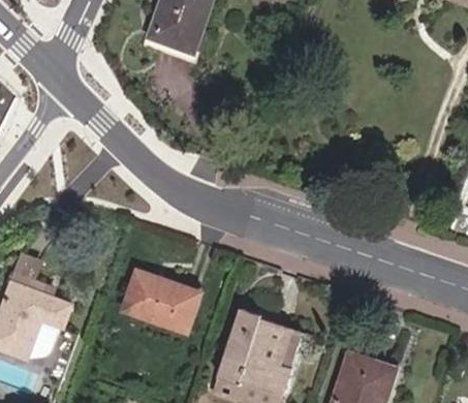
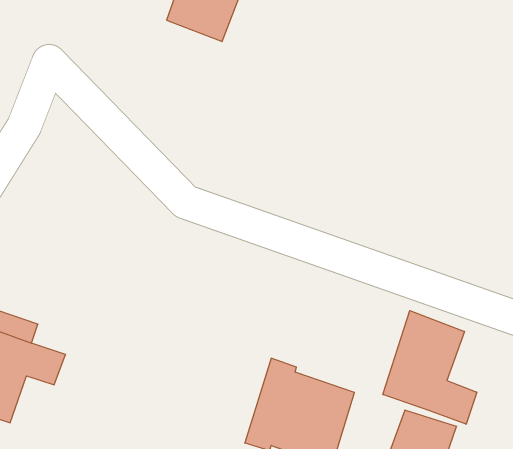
building: none -> [383,311,477,424]
building: [123,272,199,331] -> none

